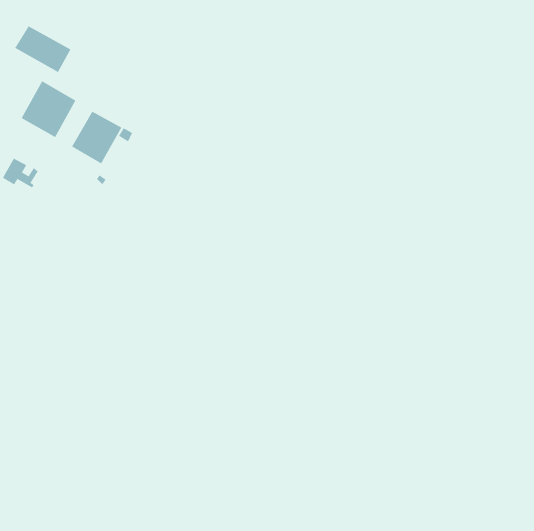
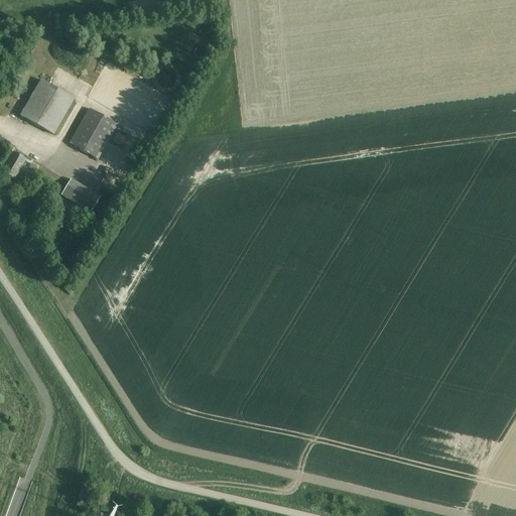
building: [15,25,71,73] -> none
building: none -> [61,177,99,211]

